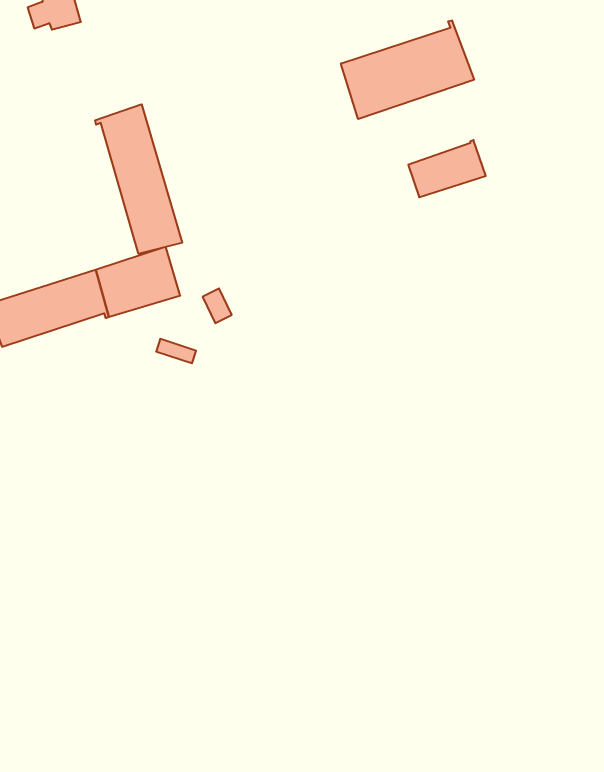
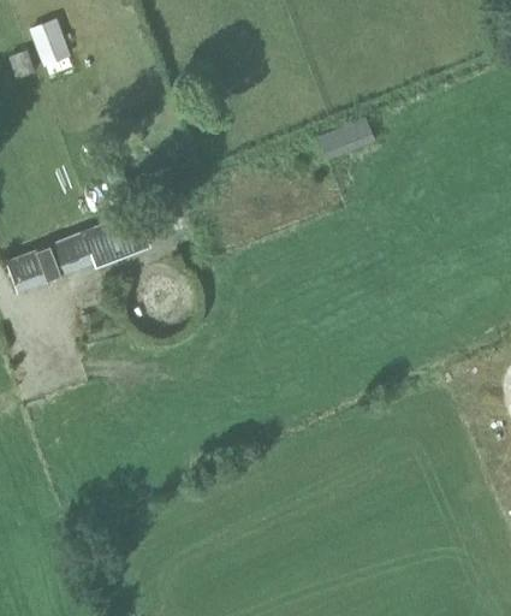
building: [341,20,474,119] -> none
building: [95,104,182,254] -> none

